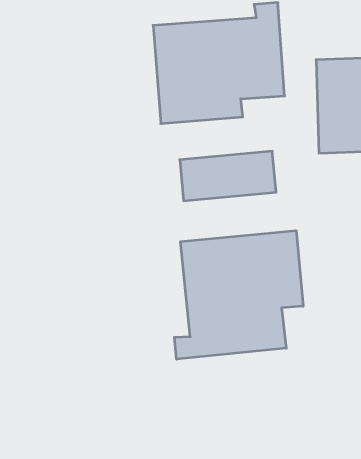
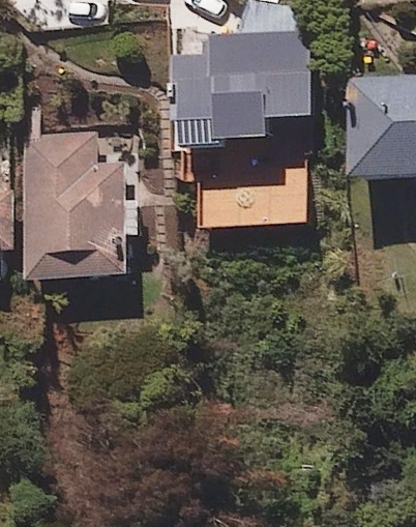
building: none -> [24,129,137,279]
building: [174,231,303,359] -> none

